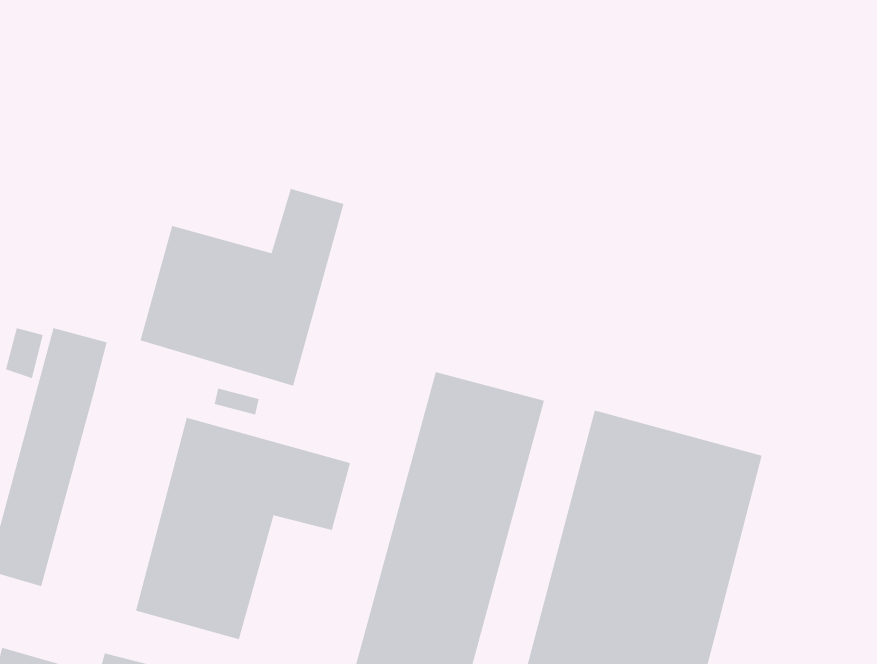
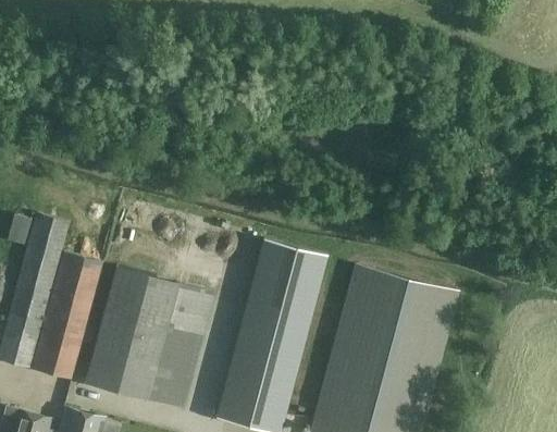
building: [140,188,344,386] -> none
building: none -> [29,252,102,380]
building: none -> [147,326,202,409]

